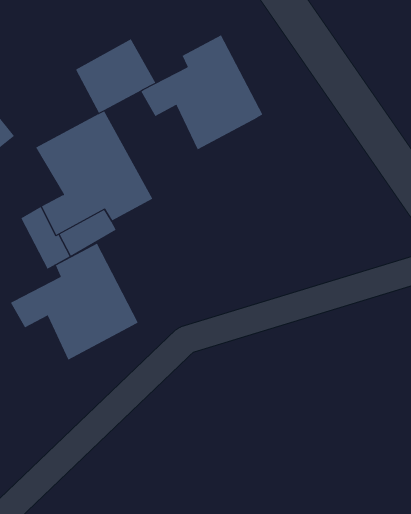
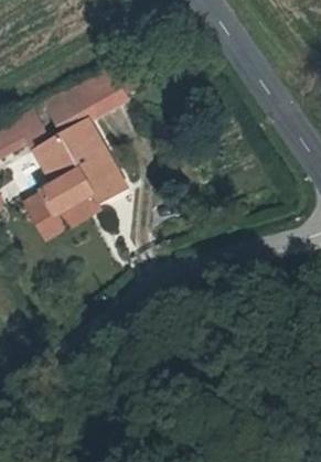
building: [141,34,263,150] -> none
building: [10,243,138,361] -> none

